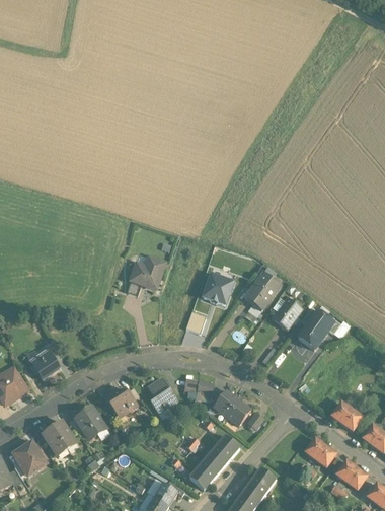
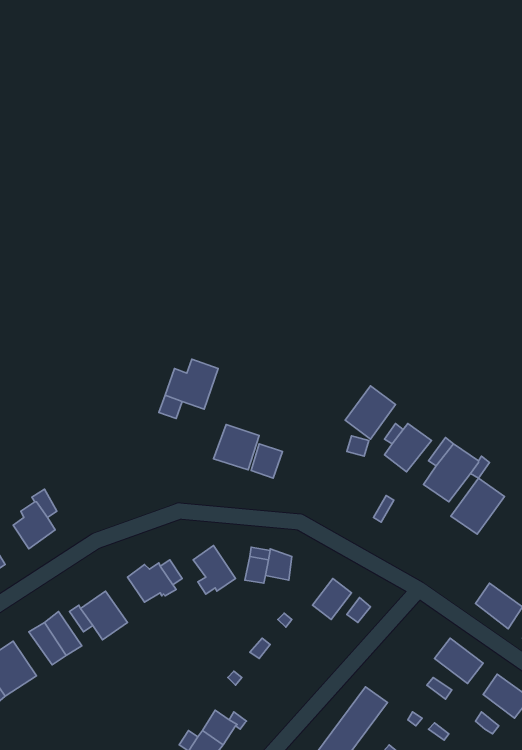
building: [203,275,232,304] -> [214,424,259,470]
building: none -> [451,478,505,534]
building: [213,388,239,416] -> none
building: [189,436,239,490] -> none

